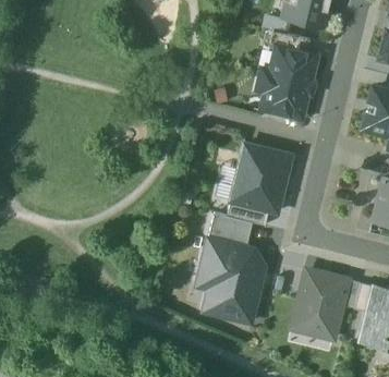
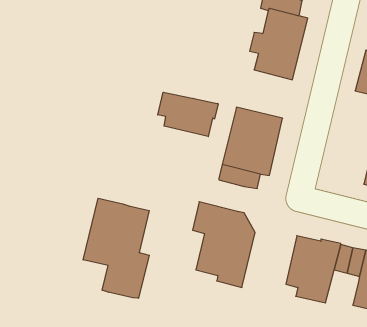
building: none -> [158,92,218,137]
building: [207,212,252,247] -> none
building: none -> [83,198,149,298]

